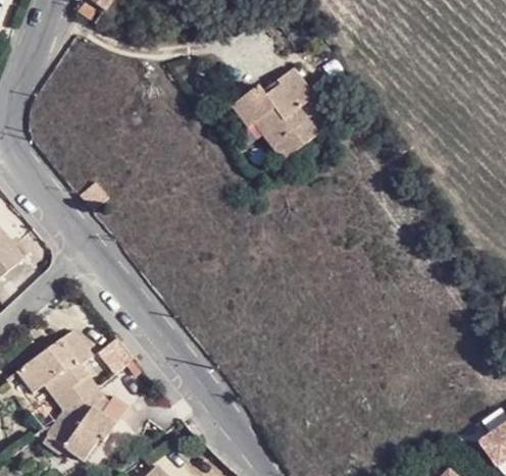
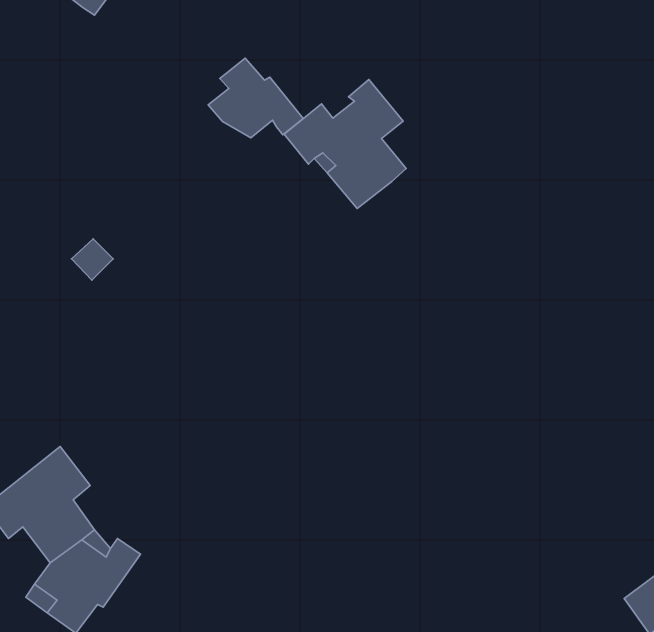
building: none -> [208,58,303,138]

